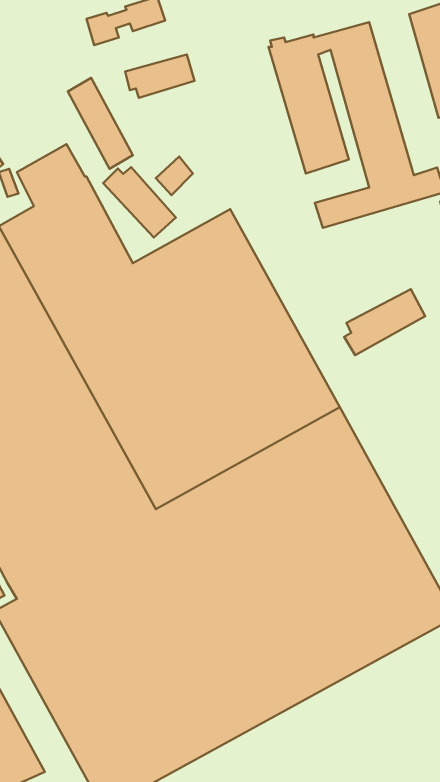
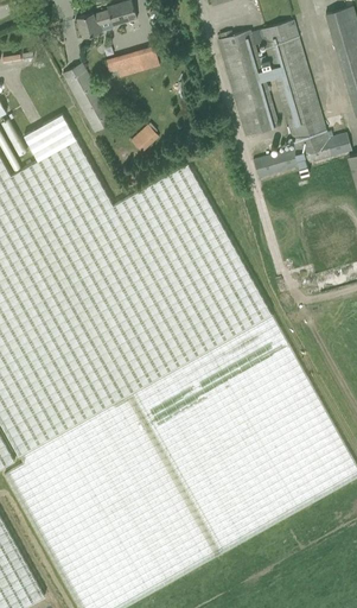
building: [103,167,176,237] -> none
building: [344,289,425,355] -> none

